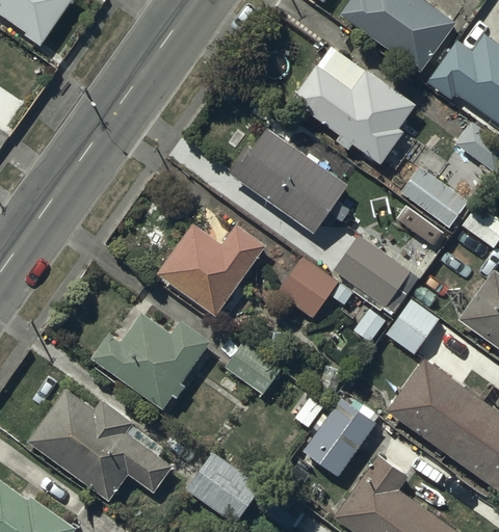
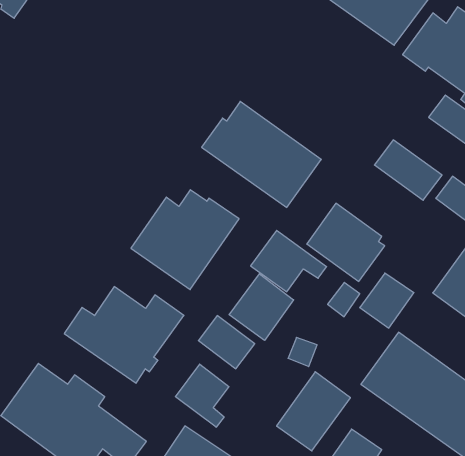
building: [290,64,431,165] -> none
building: none -> [229,274,294,340]
building: none -> [175,364,229,427]

